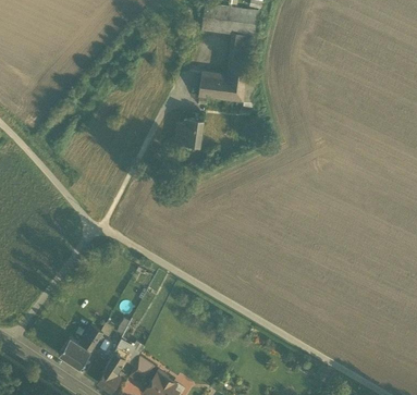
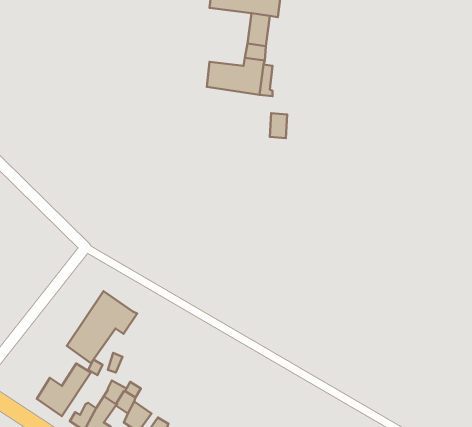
building: [173,118,201,147] -> none
building: none -> [67,291,137,363]

